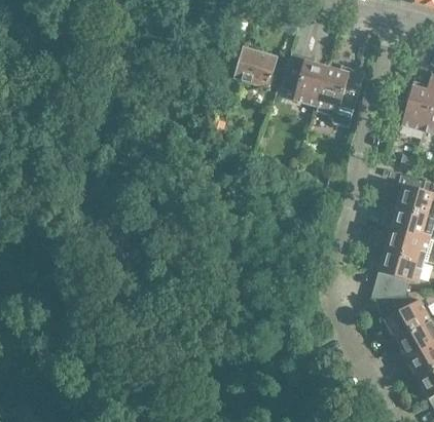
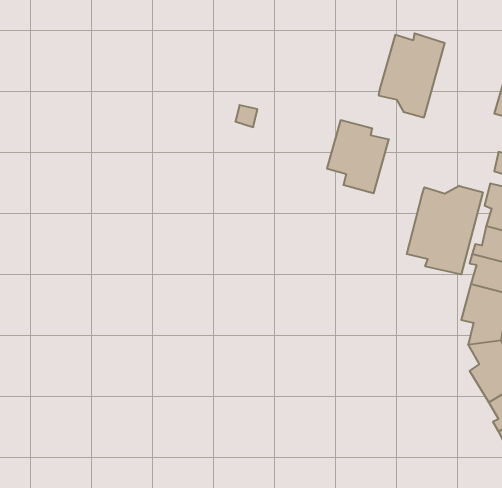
building: [233,46,277,88] -> none
building: [281,51,327,106] -> [327,120,389,193]
building: none -> [407,186,483,274]

